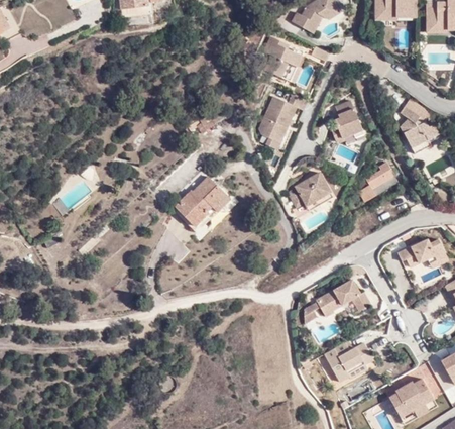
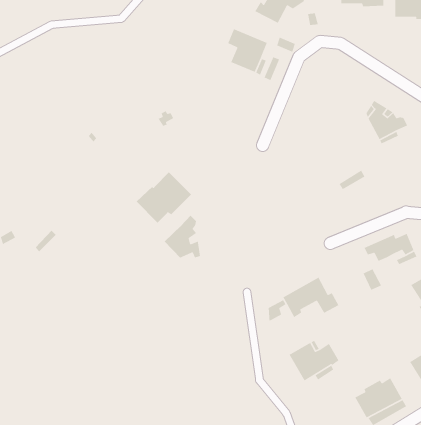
building: [257,93,308,151] -> none
building: [329,98,363,143] -> none
building: [359,163,394,202] -> none
building: [287,168,336,207] -> none
building: none -> [164,215,201,258]

